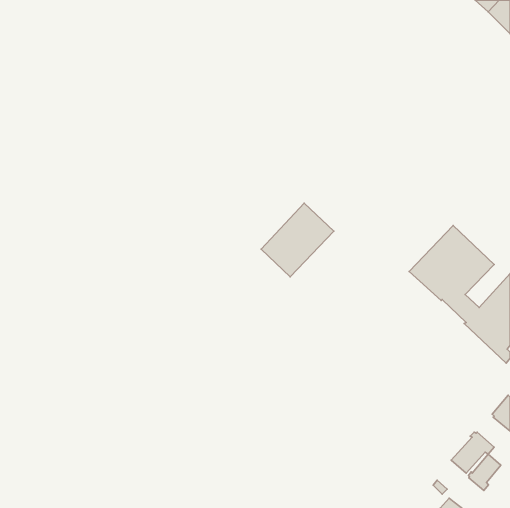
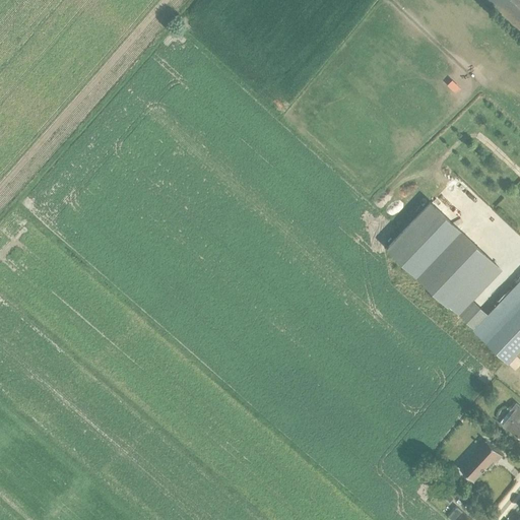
building: [261,203,334,277] -> [387,203,461,278]
building: [469,454,501,490] -> none

